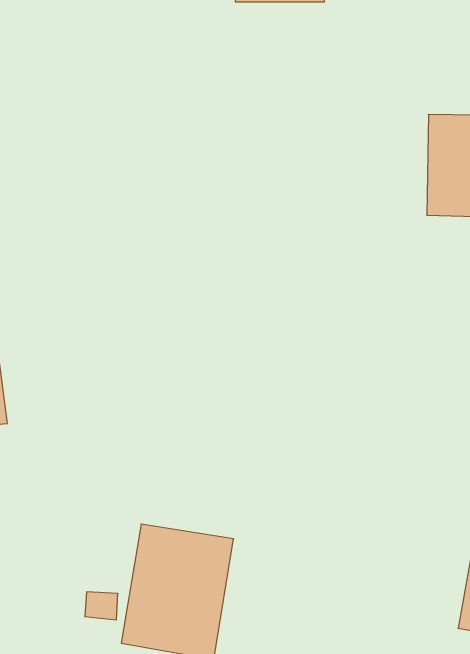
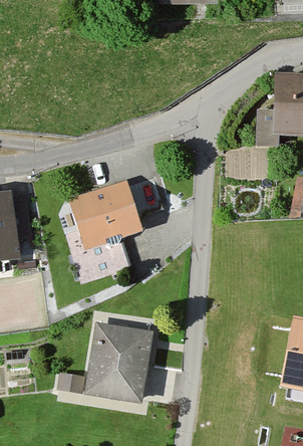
building: none -> [68,182,137,243]

